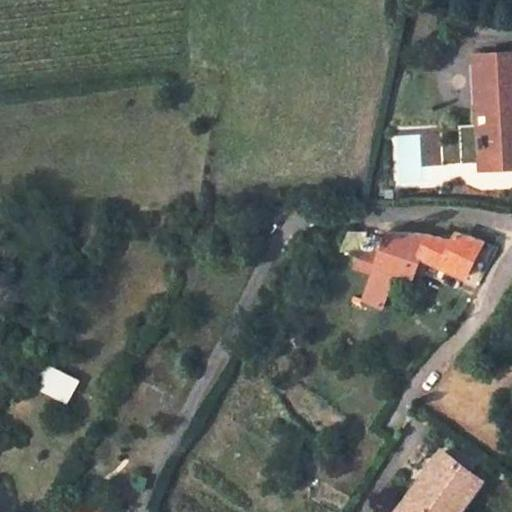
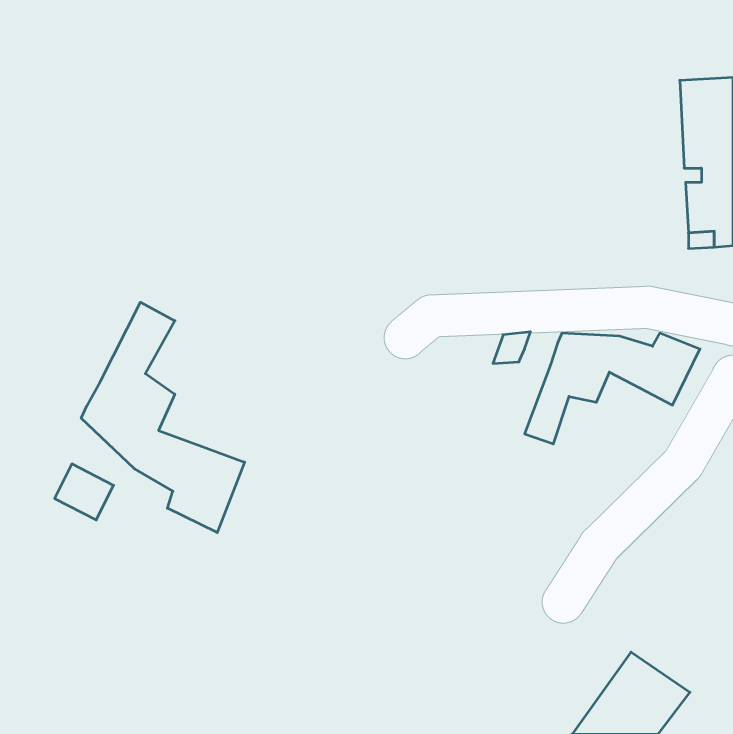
building: none -> [81,302,245,533]
building: [37,365,78,404] -> [55,464,114,520]

